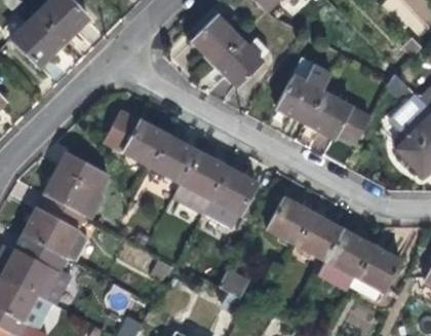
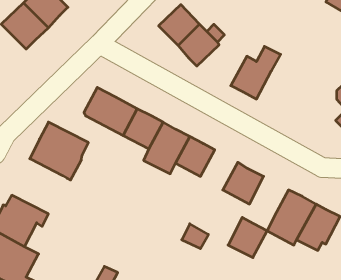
building: [305,91,370,146] -> none
building: [19,193,86,257] -> none
building: [297,214,342,260] -> [228,217,267,258]

